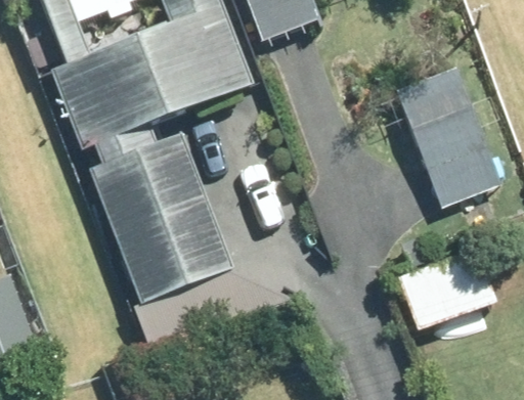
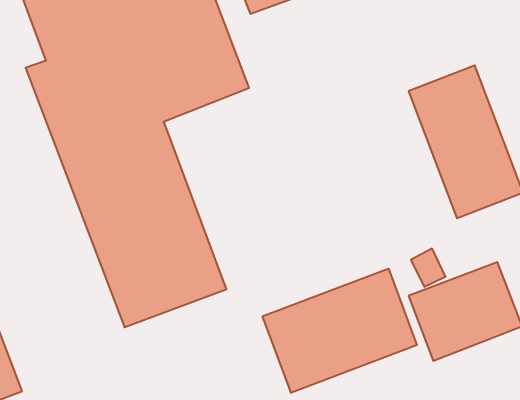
building: none -> [263,269,417,393]

